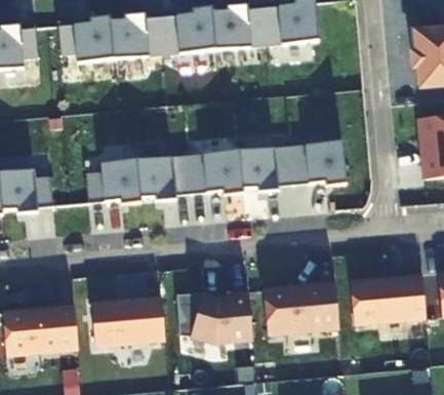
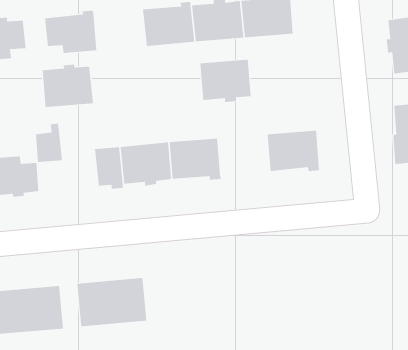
building: [109,12,163,57] -> [42,64,94,108]
building: [238,145,292,190] -> [199,59,251,103]
building: [84,160,113,201] -> [35,123,63,163]
building: [350,272,425,323] -> none
building: [263,281,337,333] -> none
building: [189,290,251,342] -> none

